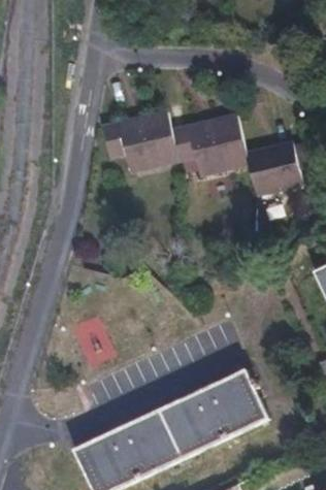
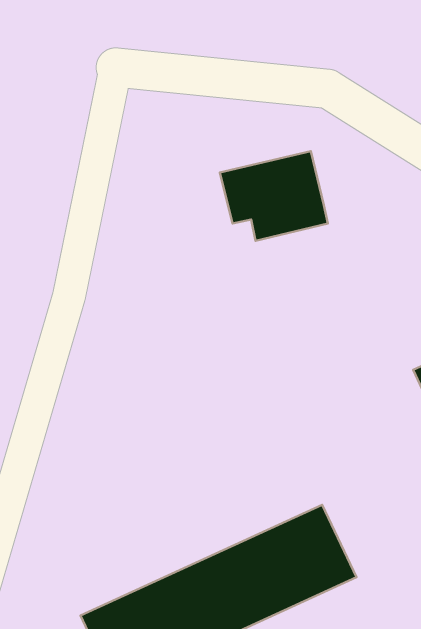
building: [99,108,178,175] -> none
building: [244,139,302,197] -> none

